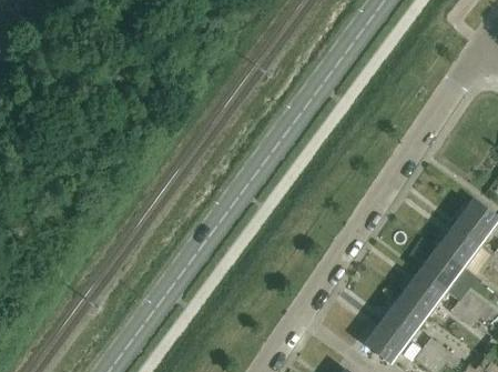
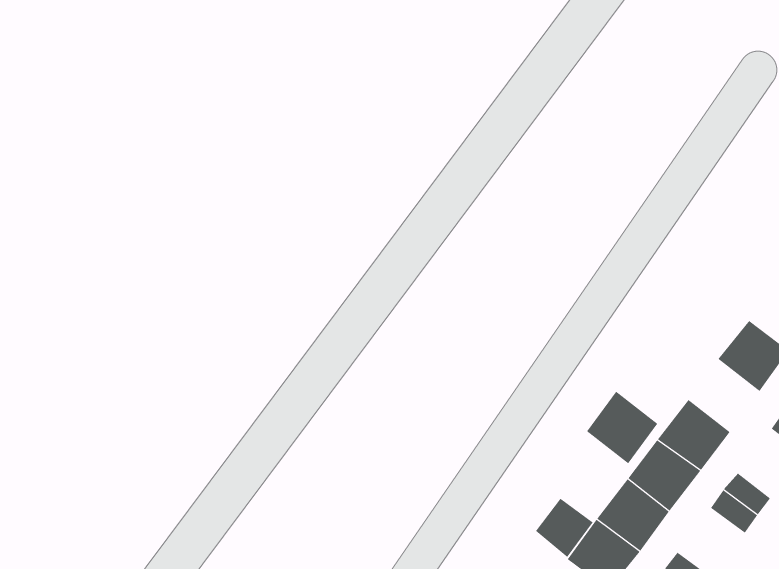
building: [438,222,481,267] -> [586,391,658,464]
building: none -> [535,498,594,558]

